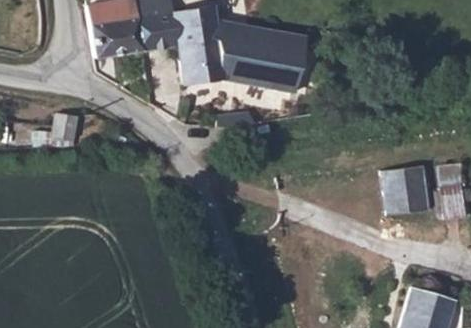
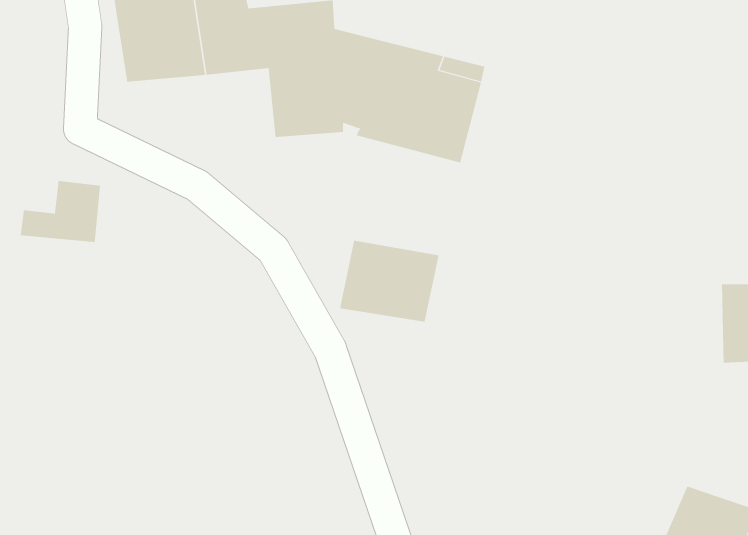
building: none -> [340,240,439,322]
building: [386,158,432,208] -> none

